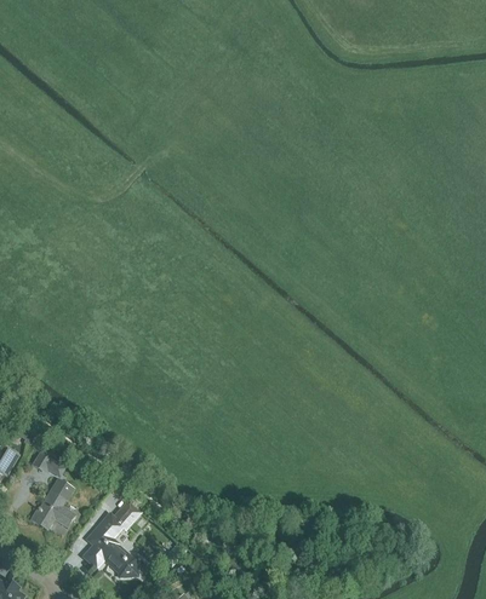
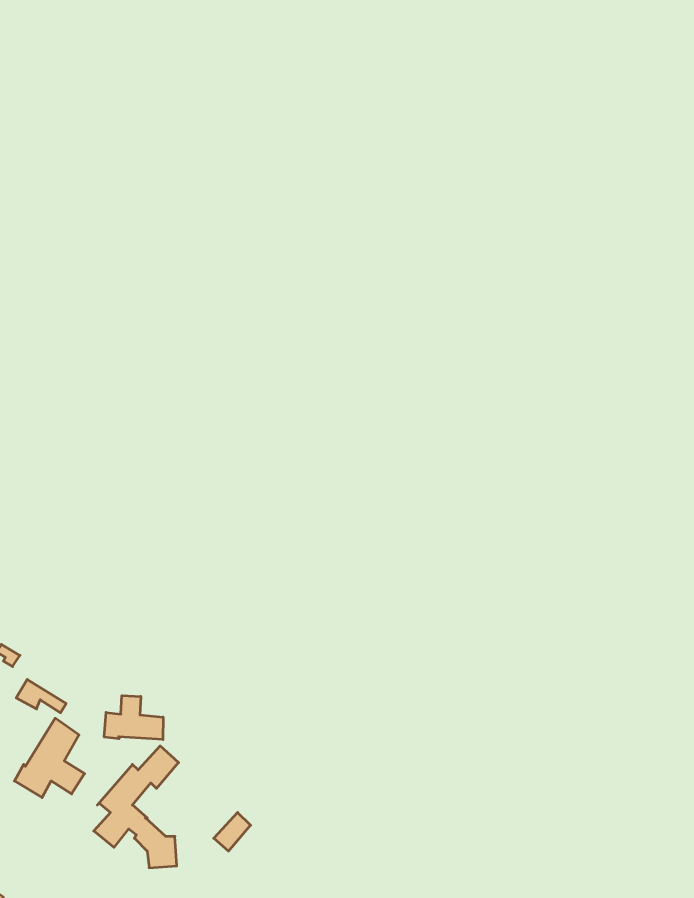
building: none -> [104,696,163,740]

